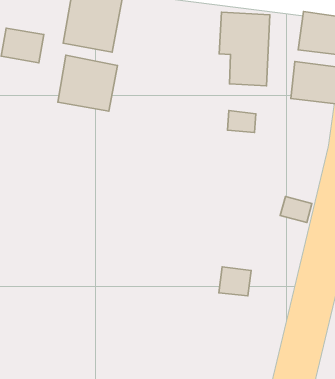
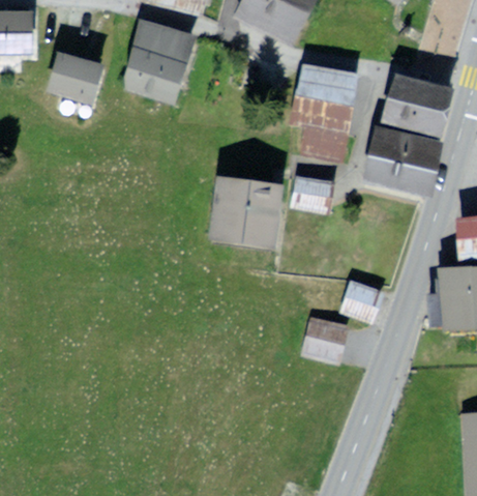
building: [58,55,117,111] -> none
building: none -> [208,173,286,242]
building: [219,267,251,296] -> [305,320,345,356]

